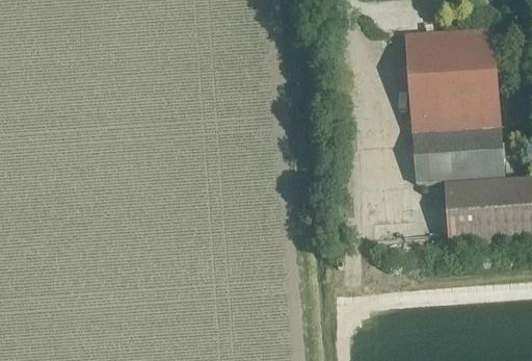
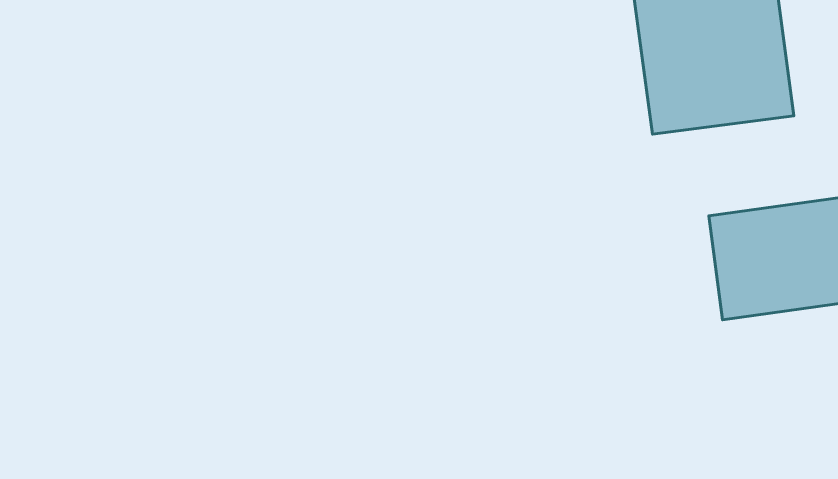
building: [413,126,501,180] -> none

